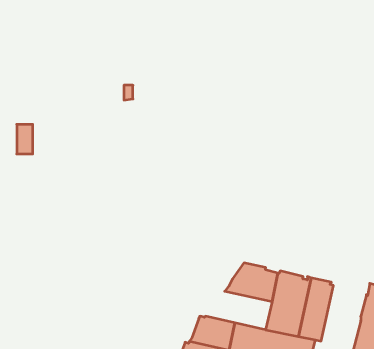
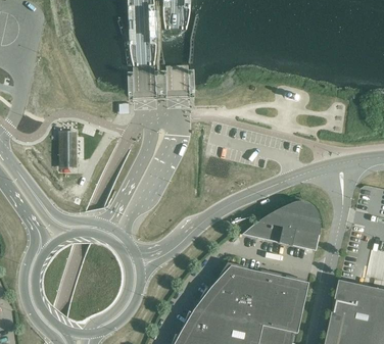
building: [17,124,33,154] -> [60,139,75,165]
building: none -> [242,202,320,251]
building: none -> [193,289,253,324]

